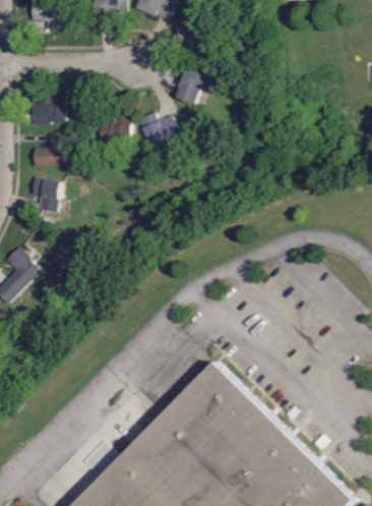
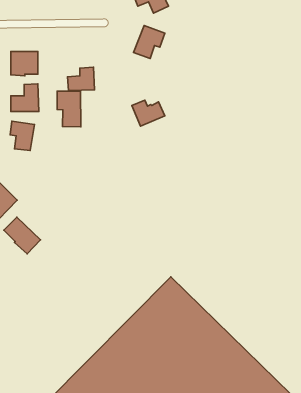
building: [137,112,176,143] -> [132,100,165,126]
building: none -> [57,91,81,127]
building: none -> [4,217,40,254]

